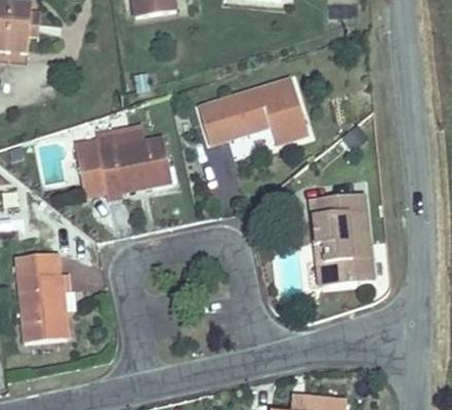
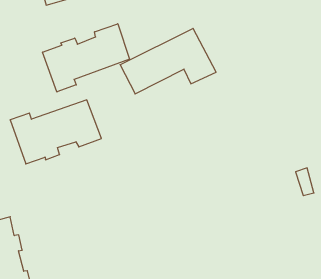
building: none -> [43,24,129,92]
building: [310,190,372,281] -> none

